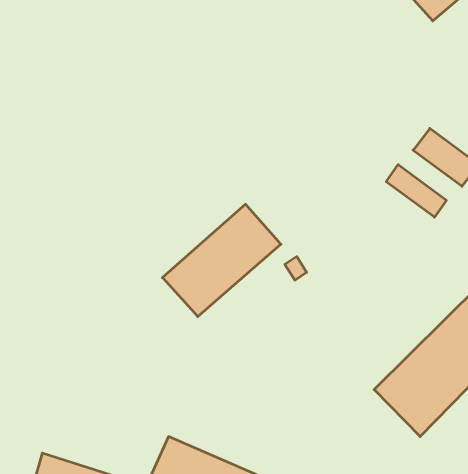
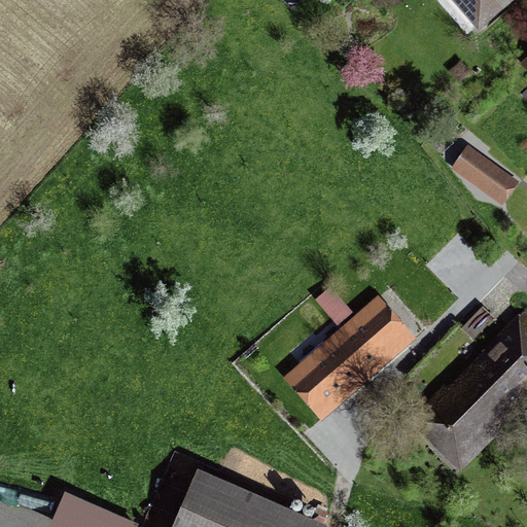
building: [386,165,446,217] -> none
building: [162,204,281,317] -> [286,300,411,418]

